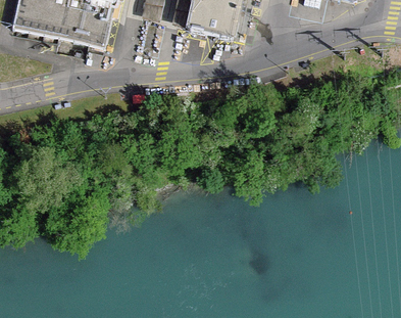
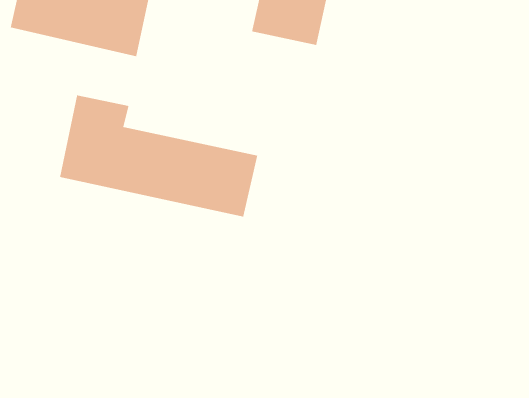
building: none -> [59,94,258,218]

